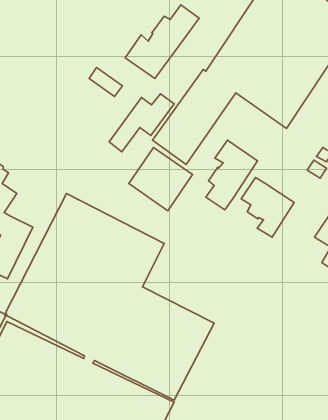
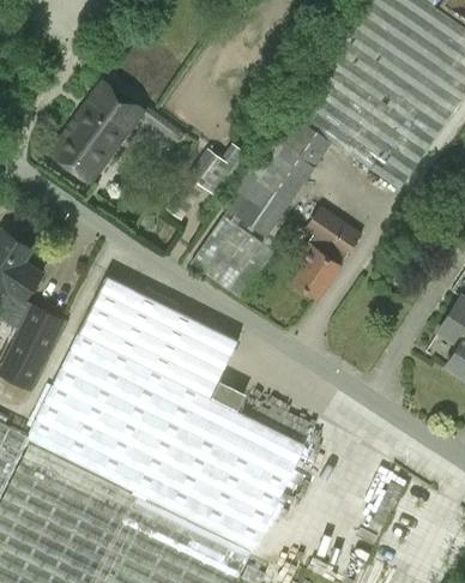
building: [125,5,199,78] -> none
building: none -> [49,79,144,182]
building: [241,177,294,237] -> none

